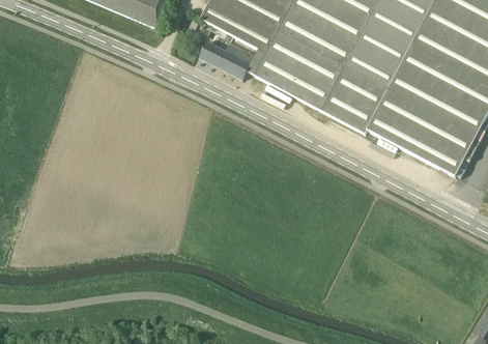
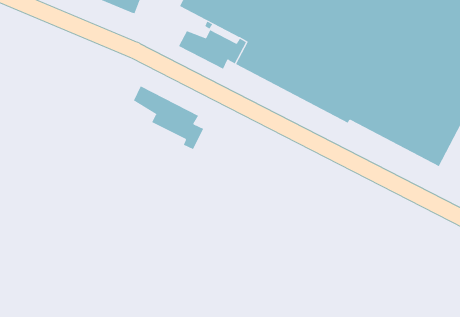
building: none -> [133,86,204,150]

